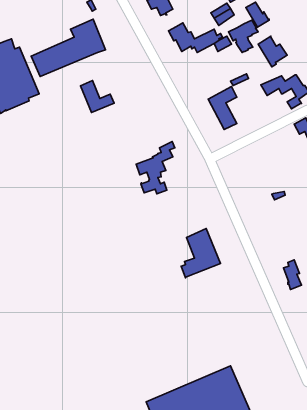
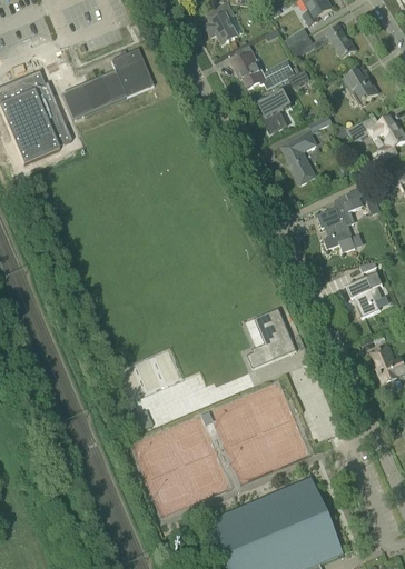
building: [229,20,258,53] -> [255,91,292,131]
building: [81,81,114,112] -> none
building: [136,142,175,194] -> [317,187,365,251]
building: none -> [346,272,382,317]

